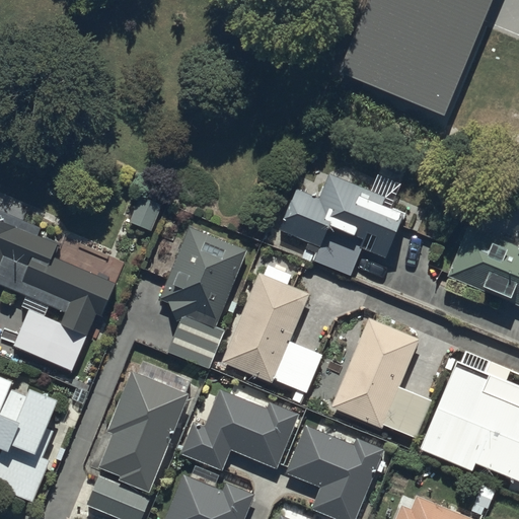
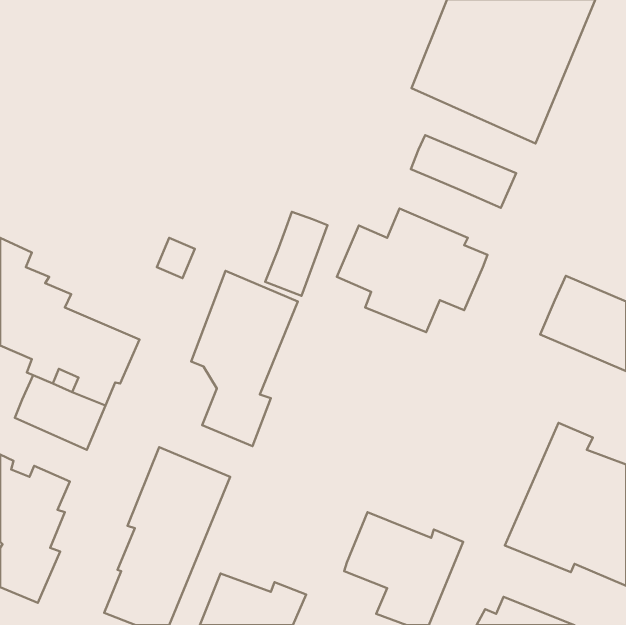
building: none -> [411,135,516,208]
building: none -> [265,212,327,296]
building: [221,262,322,404] -> none
building: [330,316,431,438] -> none
building: [178,384,298,469] -> none

